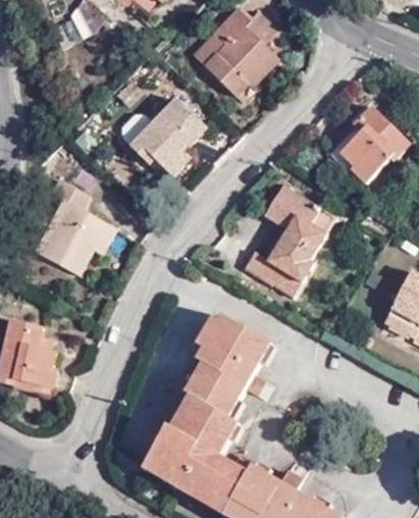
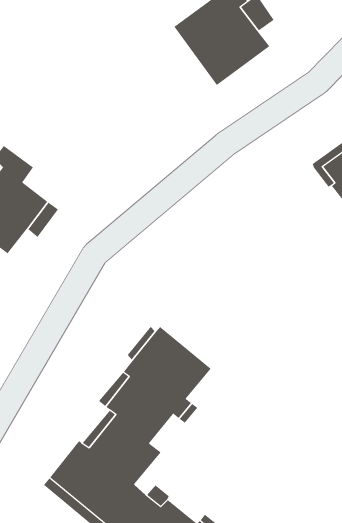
building: [120,98,207,177] -> none
building: [244,185,336,298] -> none

